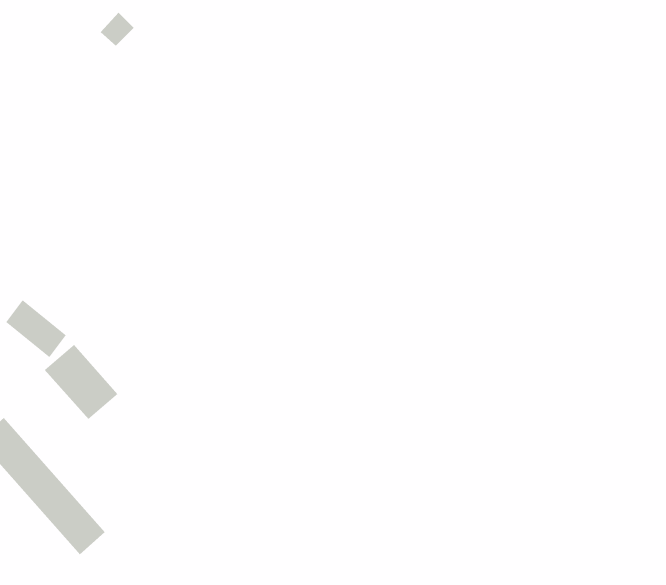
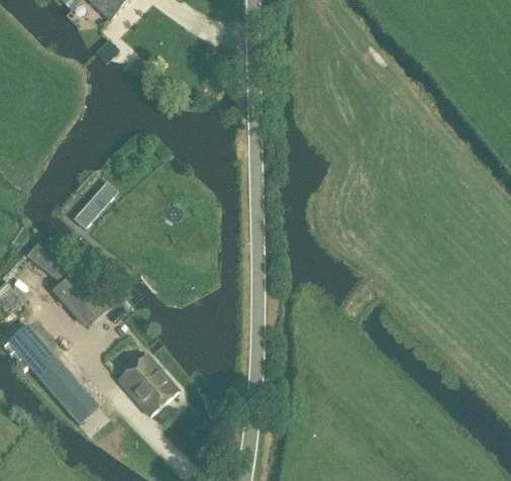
building: none -> [71,181,116,229]
building: none -> [118,356,178,416]

